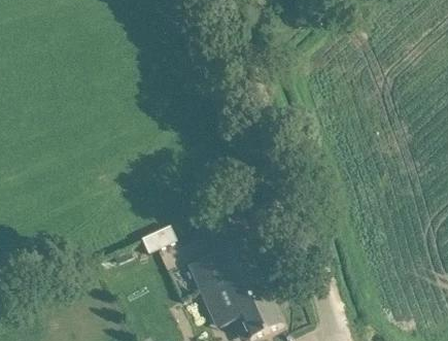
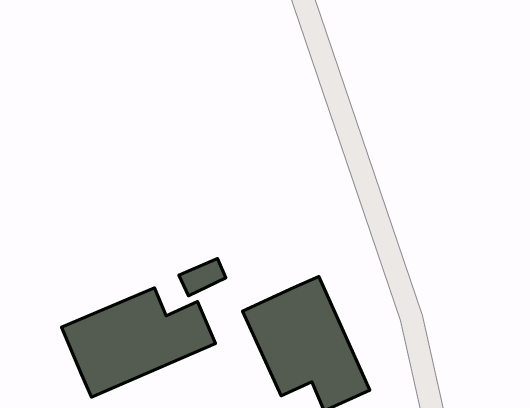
building: none -> [62,288,215,397]

